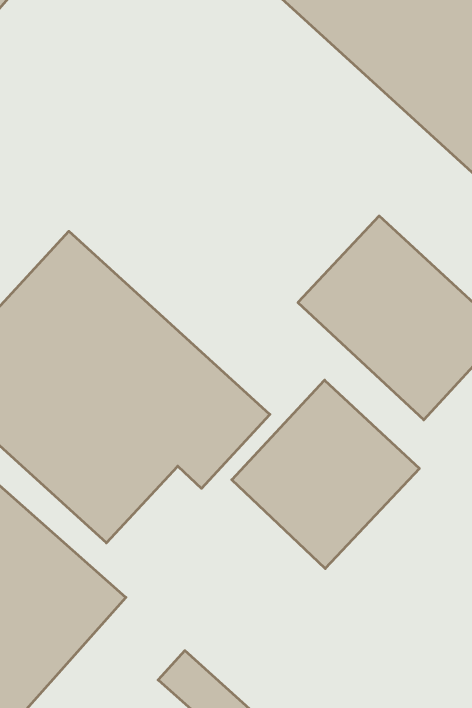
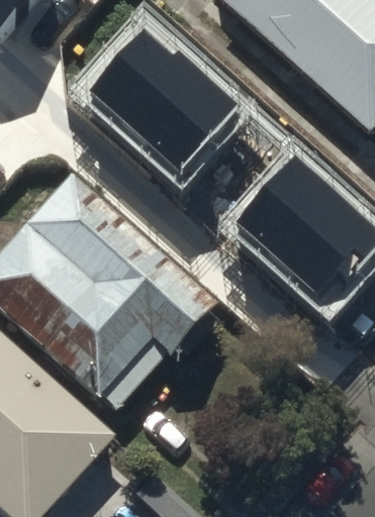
building: none -> [89,23,240,172]
building: [232,380,419,569] -> none

